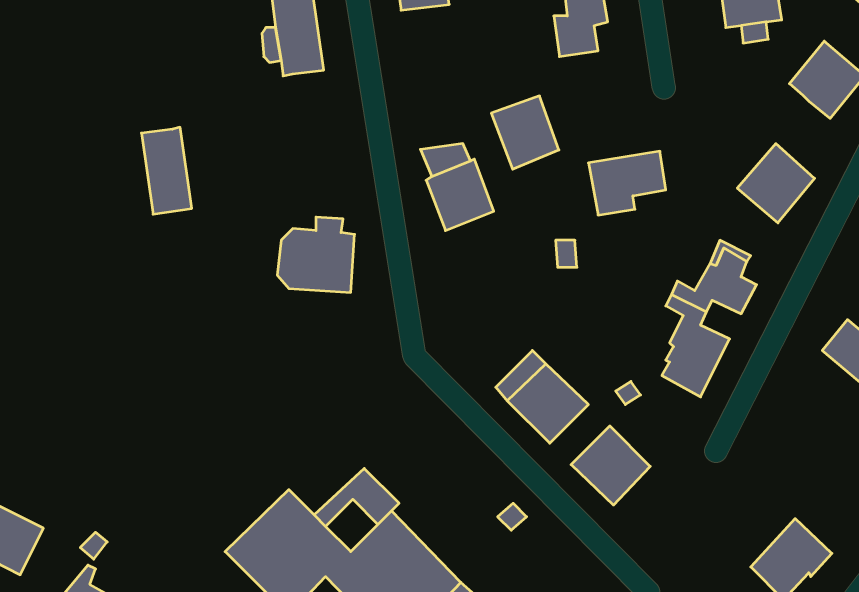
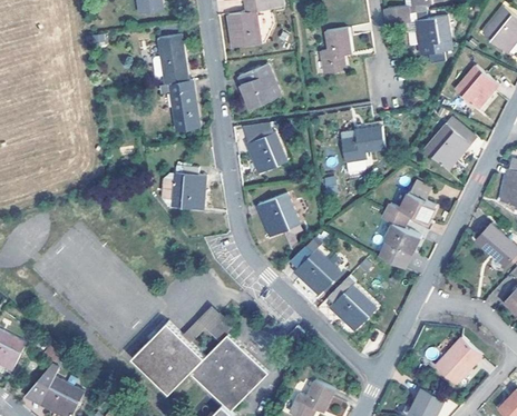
building: [491,96,559,169] -> [237,66,276,108]
building: [141,127,192,214] -> [169,79,198,129]
building: none -> [256,192,297,236]

